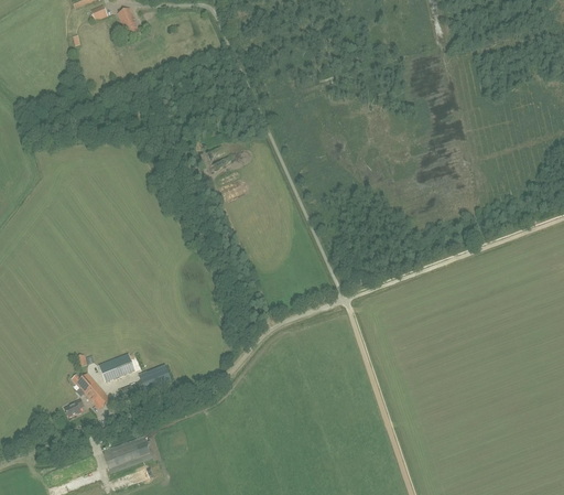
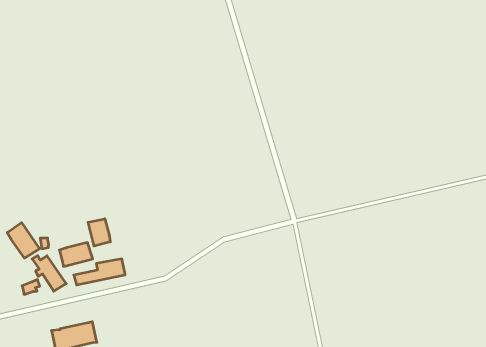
building: none -> [88,219,110,246]
building: none -> [7,223,40,258]

